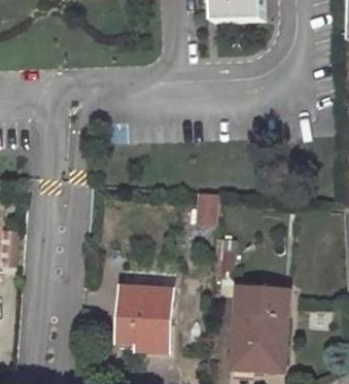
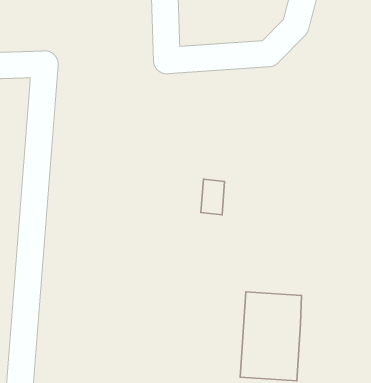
building: [115,287,171,343] -> none

